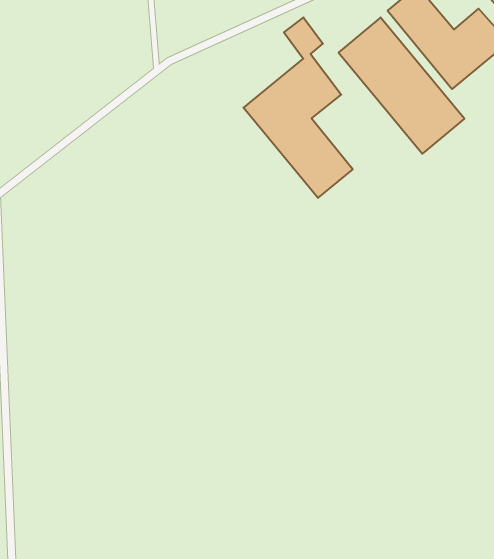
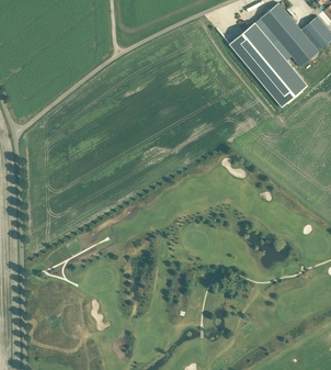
building: [243,17,353,198] -> none

